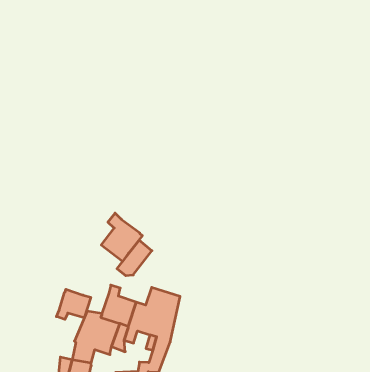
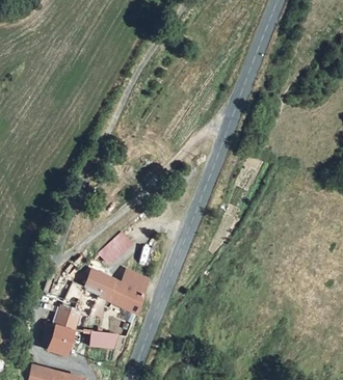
building: [101,213,142,261] -> none
building: [56,289,91,319] -> none

